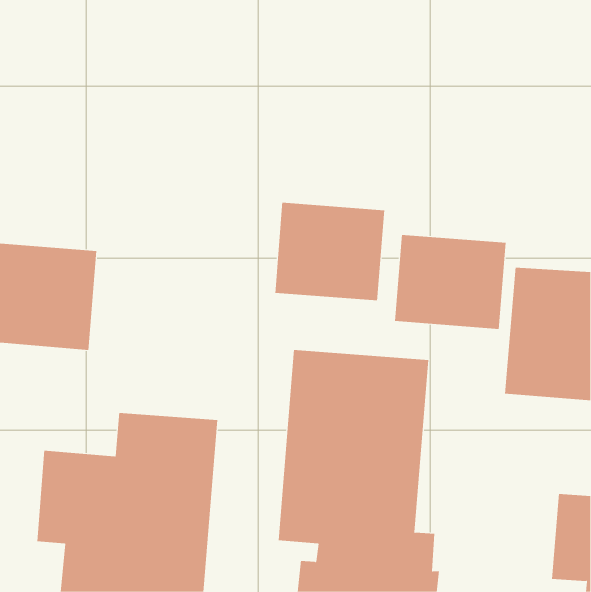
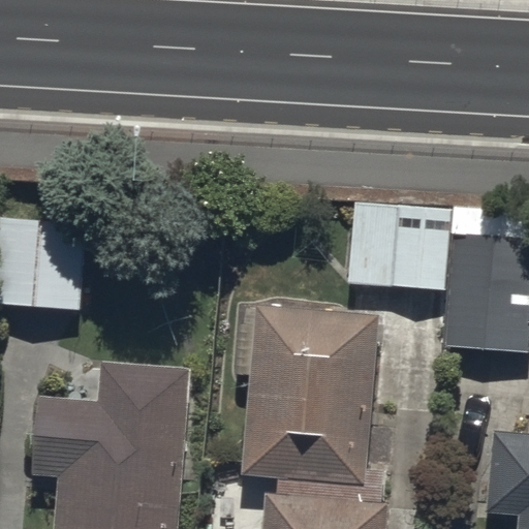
building: [275,202,385,301] -> none

